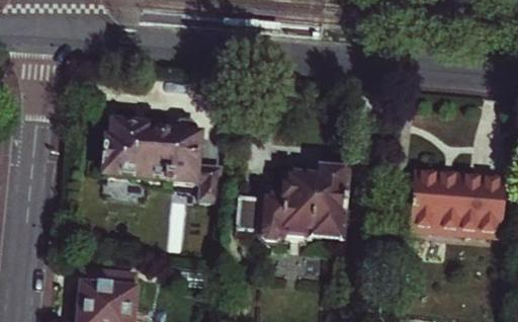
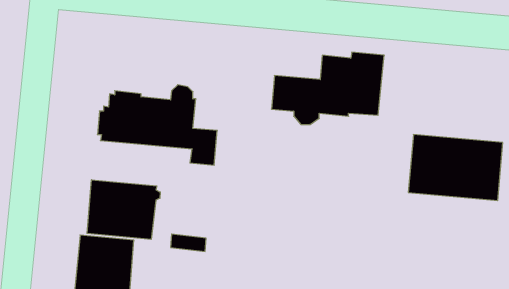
building: [235,170,347,242] -> [271,52,384,124]
building: none -> [87,180,160,239]

